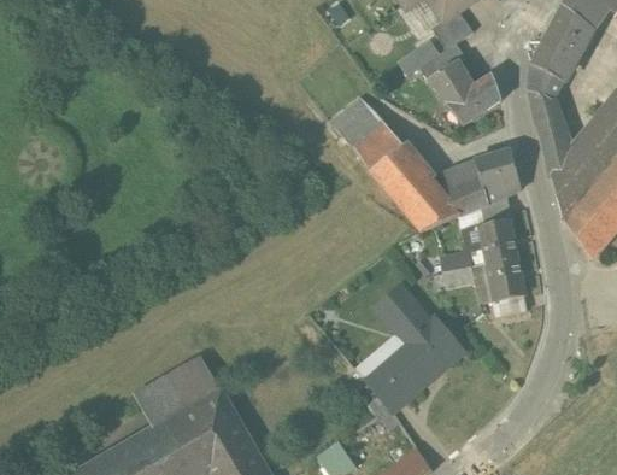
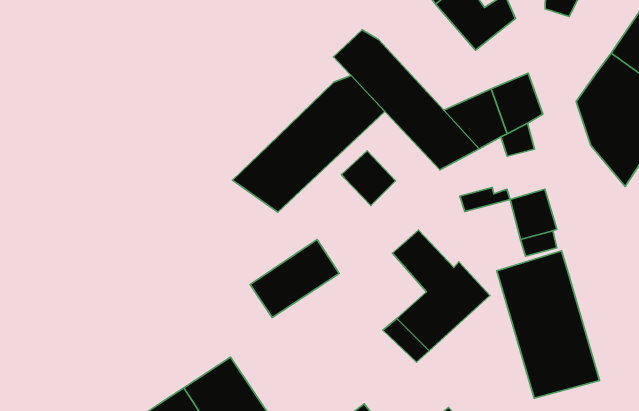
building: [528,90,570,177] -> none
building: none -> [233,76,385,212]
building: none -> [341,151,395,206]
building: [477,218,517,263] -> none
building: none -> [497,251,599,398]
building: [137,358,219,427] -> [250,239,339,317]

